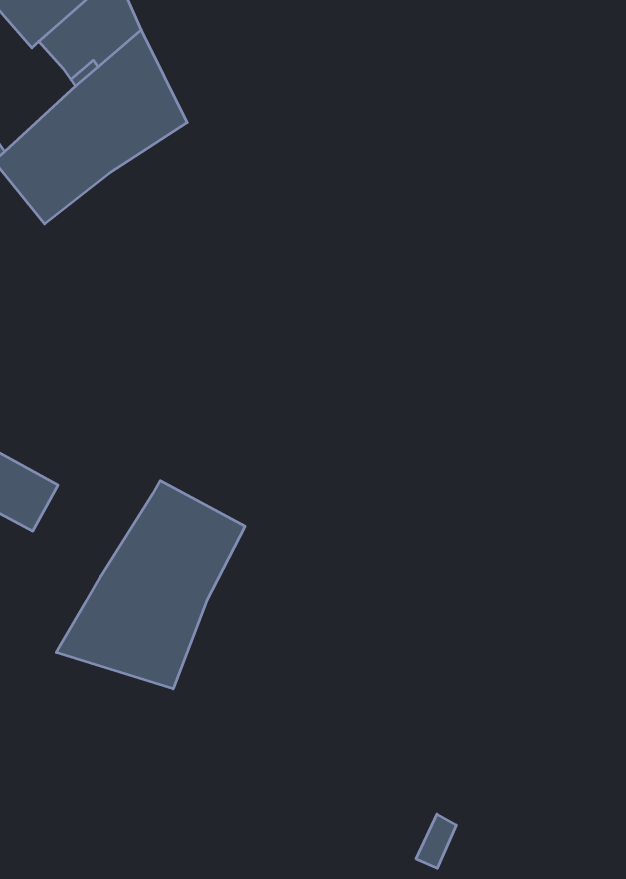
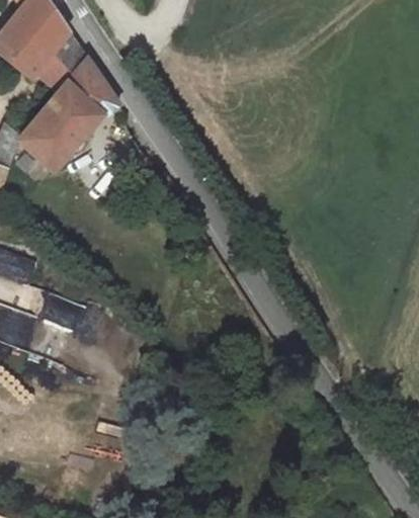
building: [56,481,245,689] -> none

